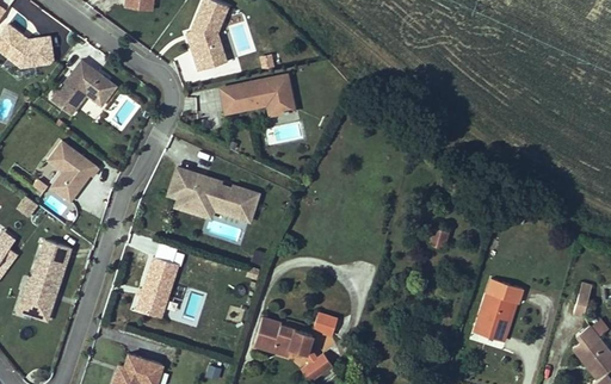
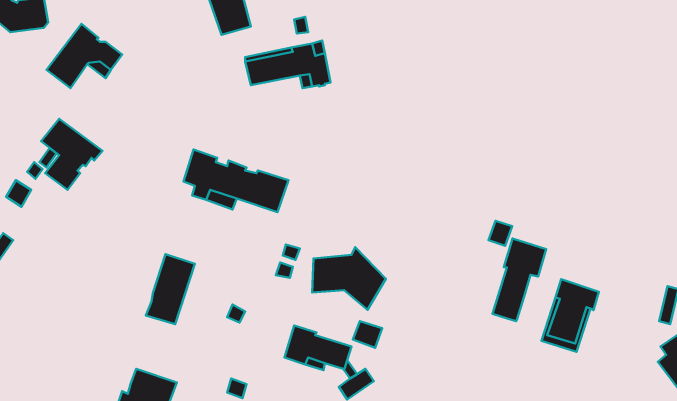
building: [19,239,72,321] -> none
building: none -> [492,239,546,321]
building: none -> [312,247,386,310]

